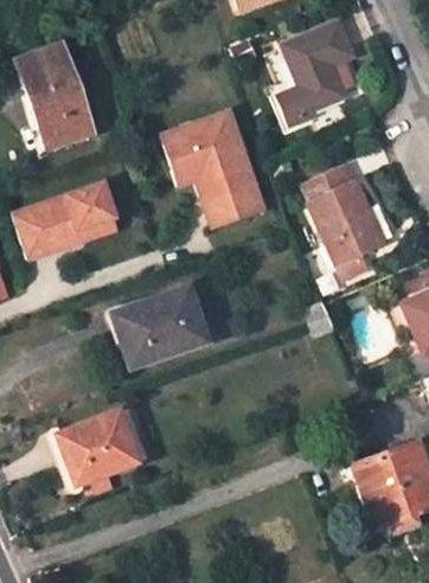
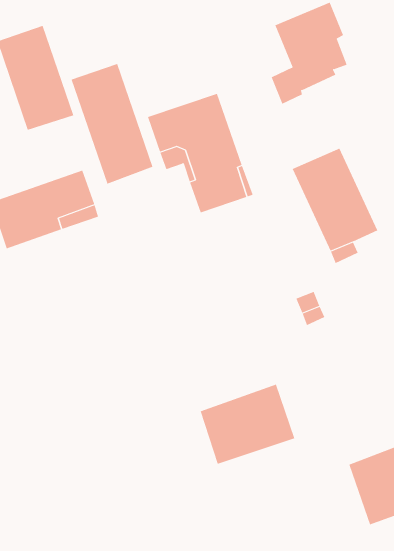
building: none -> [71,63,153,184]
building: [115,289,206,366] -> [200,384,295,464]
building: [60,414,136,483] -> none

